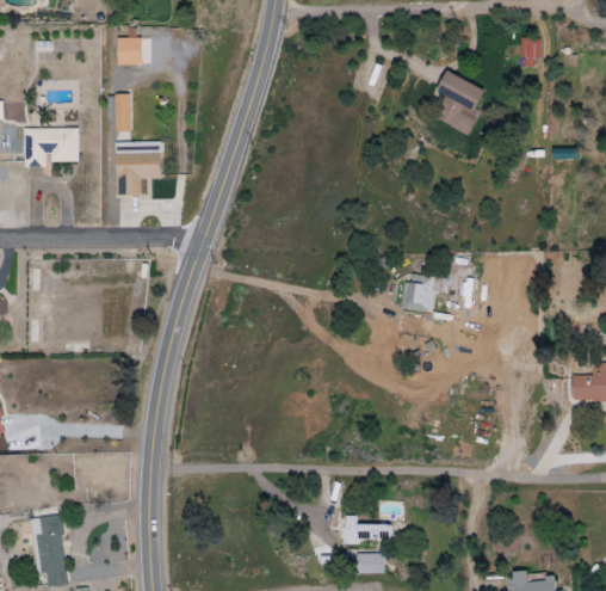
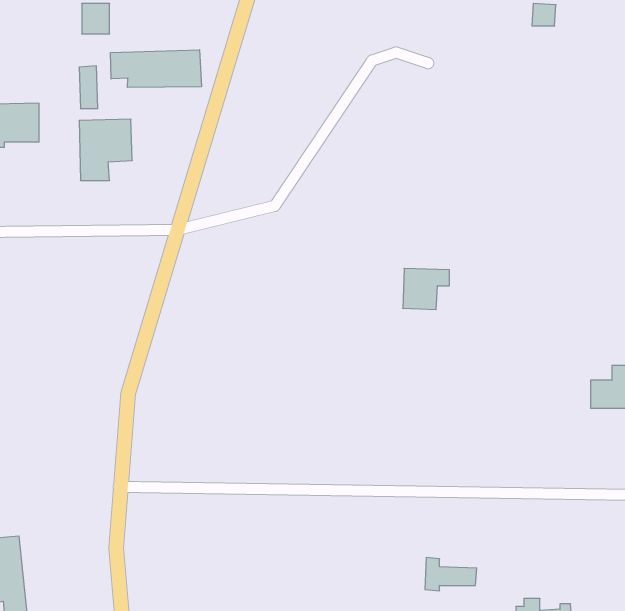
building: [434,70,488,133] -> none
building: none -> [111,50,201,87]
building: [345,515,391,544] -> [425,558,477,591]
building: [357,553,384,573] -> none

